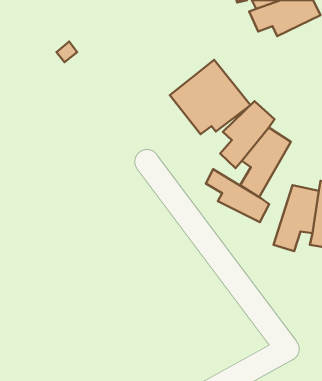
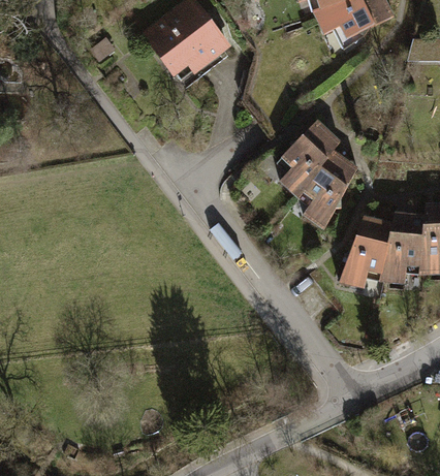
building: [170,60,250,134] -> [143,7,234,92]
building: [206,169,269,222] -> none

